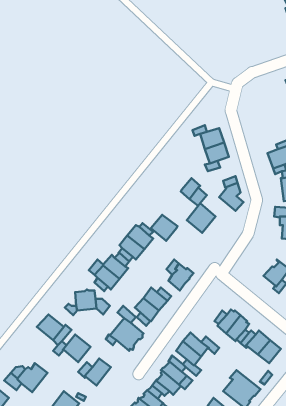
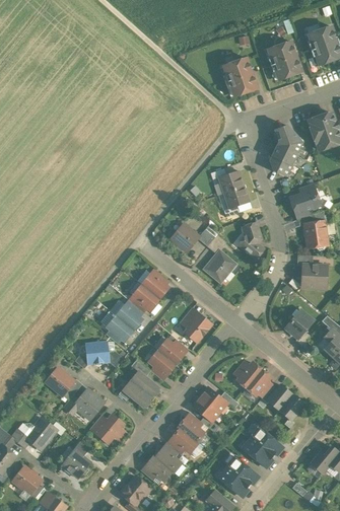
building: none -> [268,42,301,80]
building: none -> [223,58,257,96]
building: none -> [270,126,302,176]
building: [151,215,178,241] -> [171,224,199,251]

